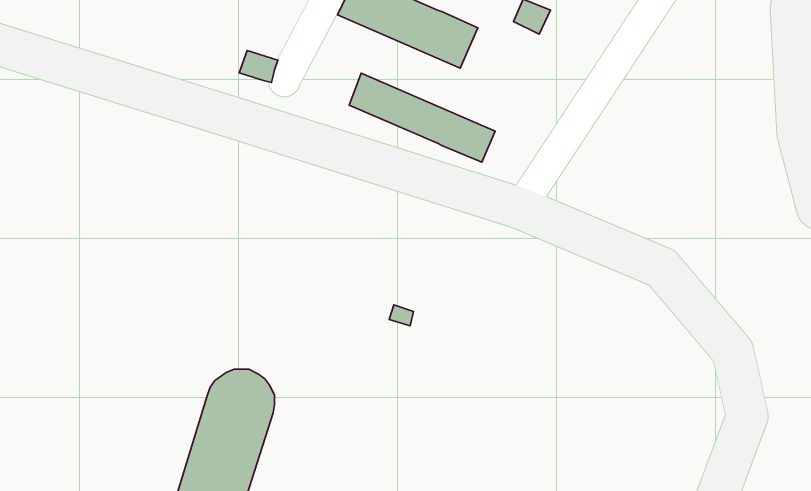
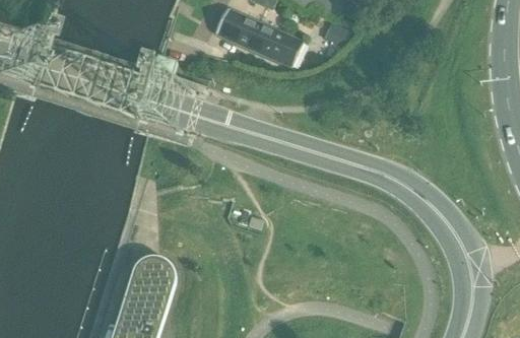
building: [349,73,495,162] -> none

